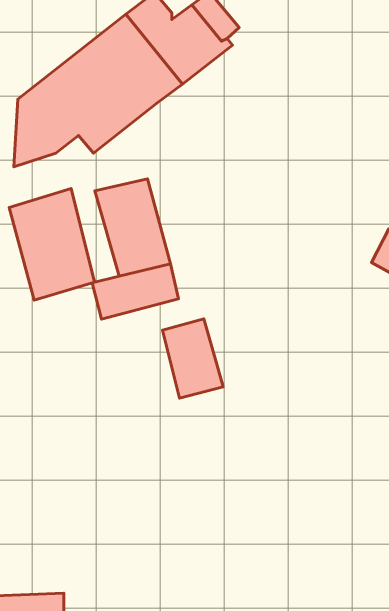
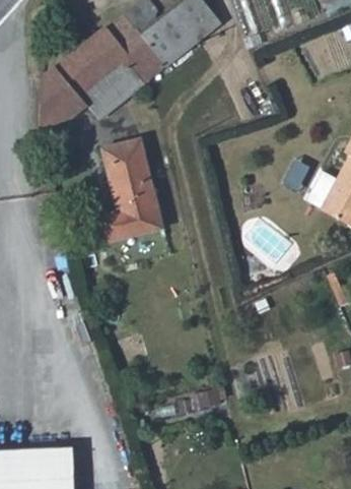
building: [9,189,95,300] -> none
building: [162,319,223,398] -> none

